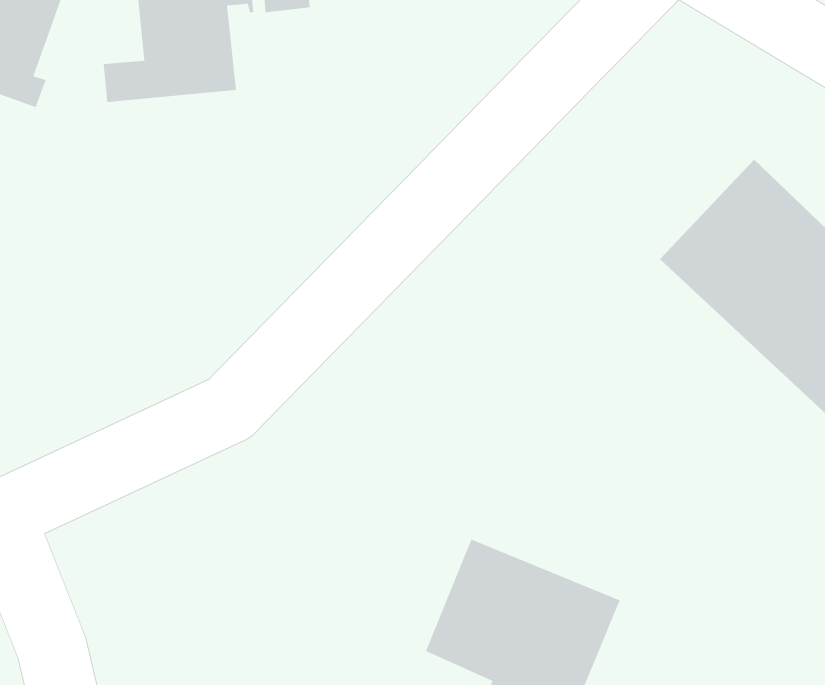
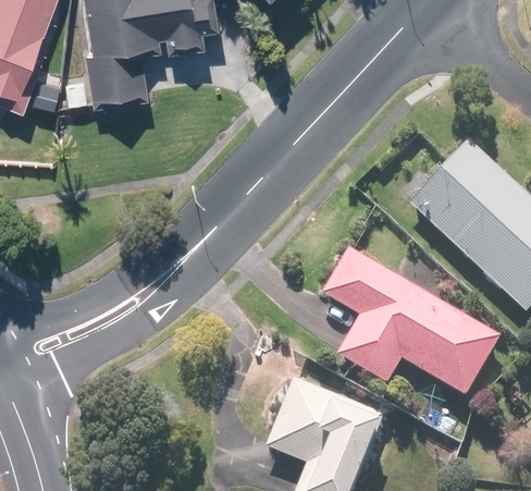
building: none -> [321,246,498,393]

